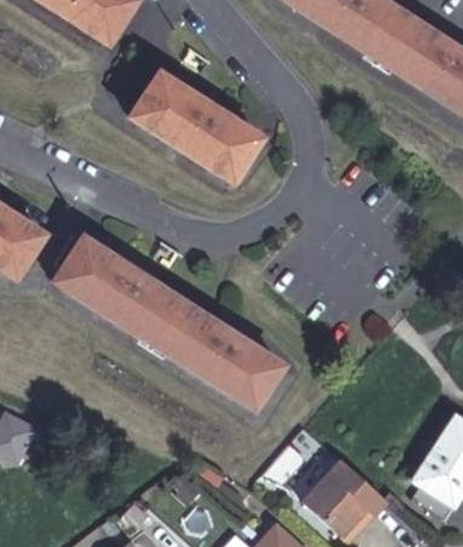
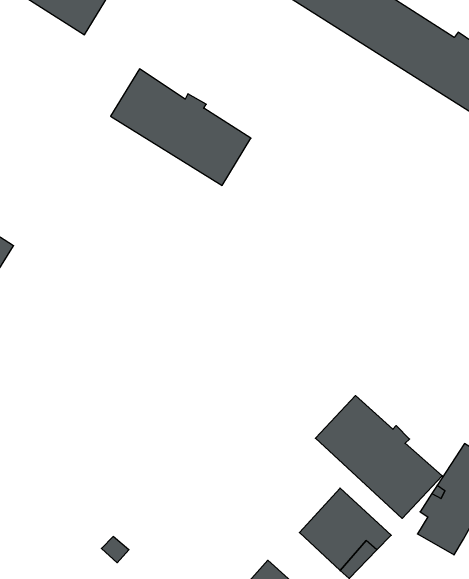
building: [53,237,280,409] -> none
building: none -> [315,396,442,518]

